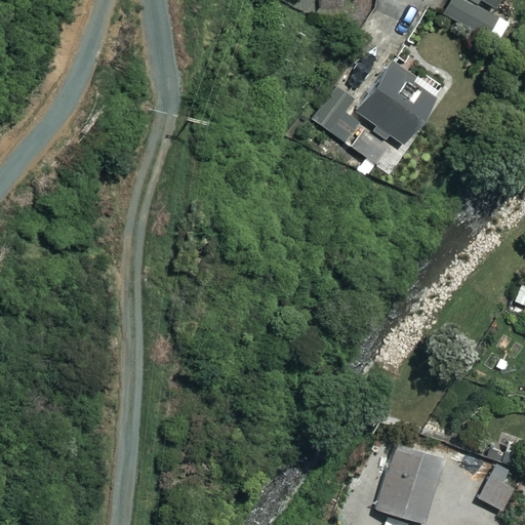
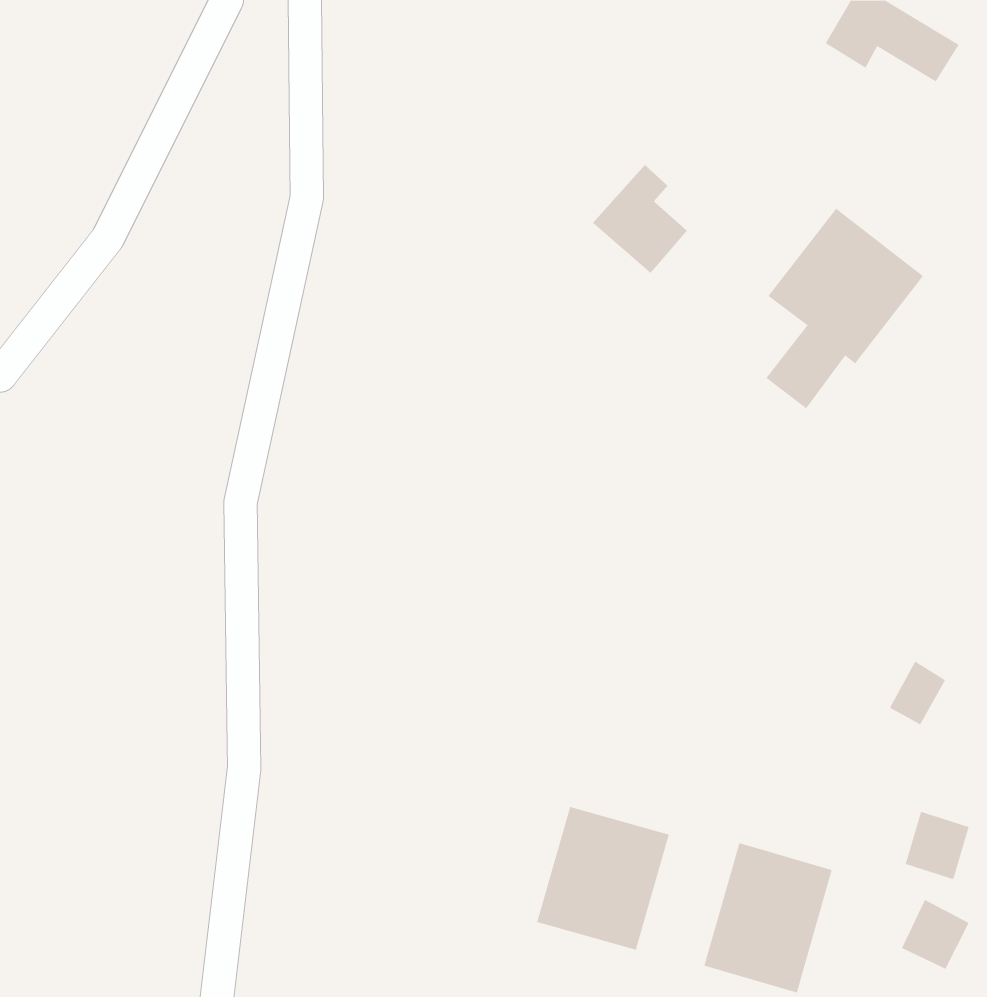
building: [354,62,437,167] -> [765,208,924,409]
building: none -> [536,806,669,951]

